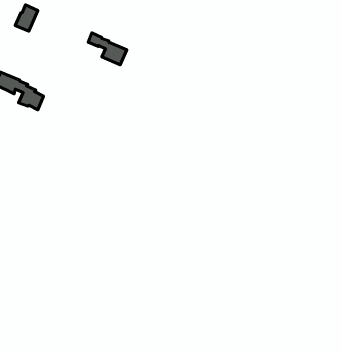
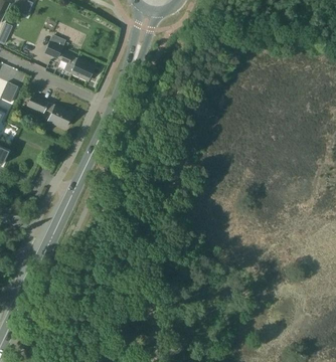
building: [88,33,127,65] -> [59,52,94,80]

